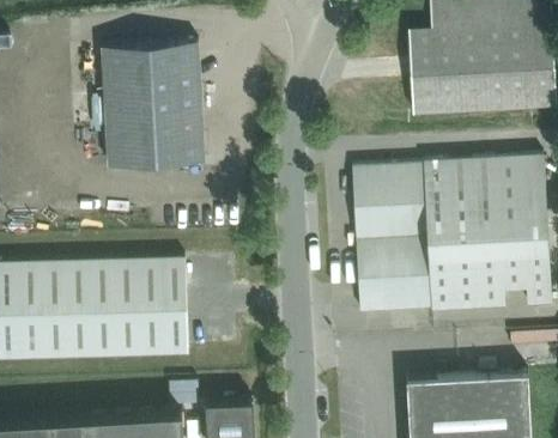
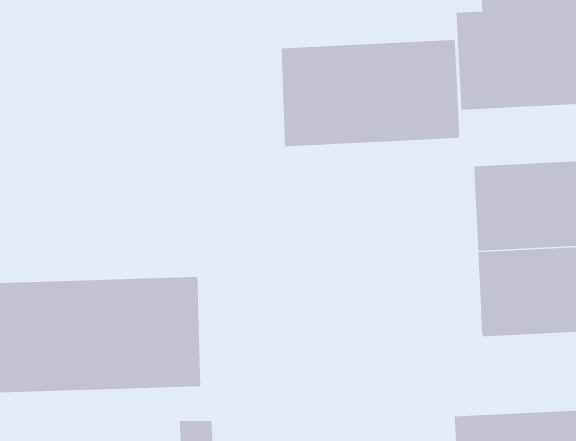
building: [101,42,204,166] -> none
building: none -> [281,39,460,147]
building: [351,164,430,311] -> none

